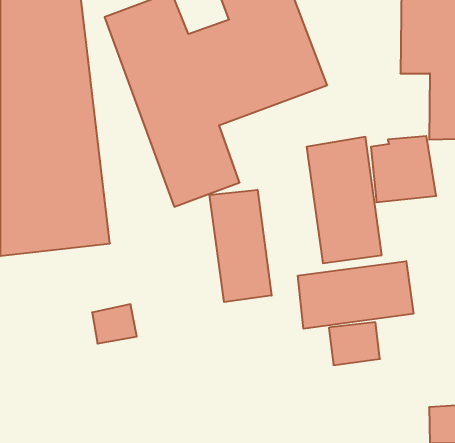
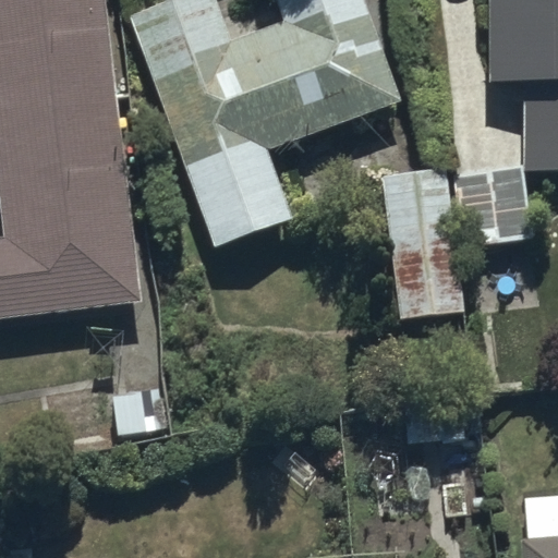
building: [210,190,272,302] -> none
building: [298,261,413,329] -> none

